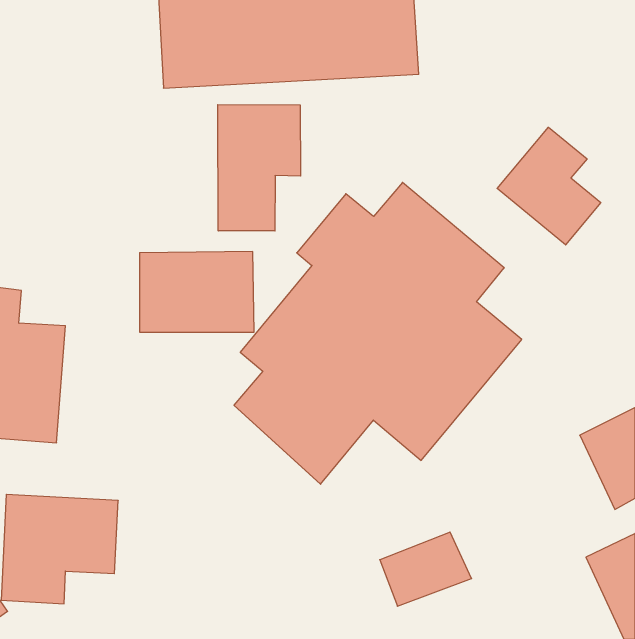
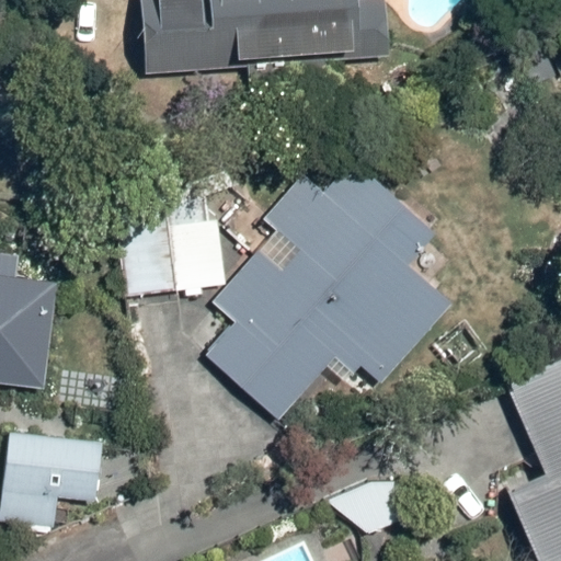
building: [218,105,300,231] -> none
building: [497,127,601,245] -> none

